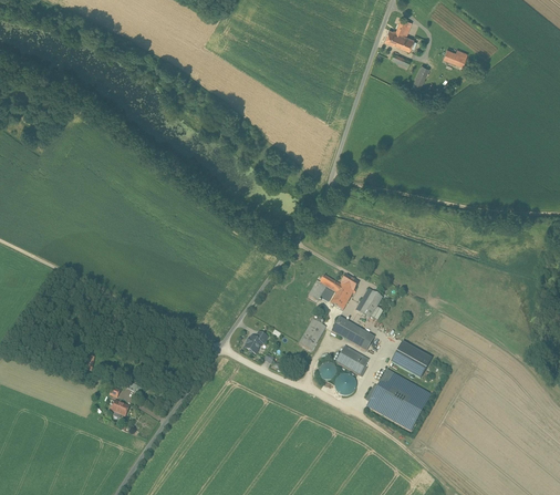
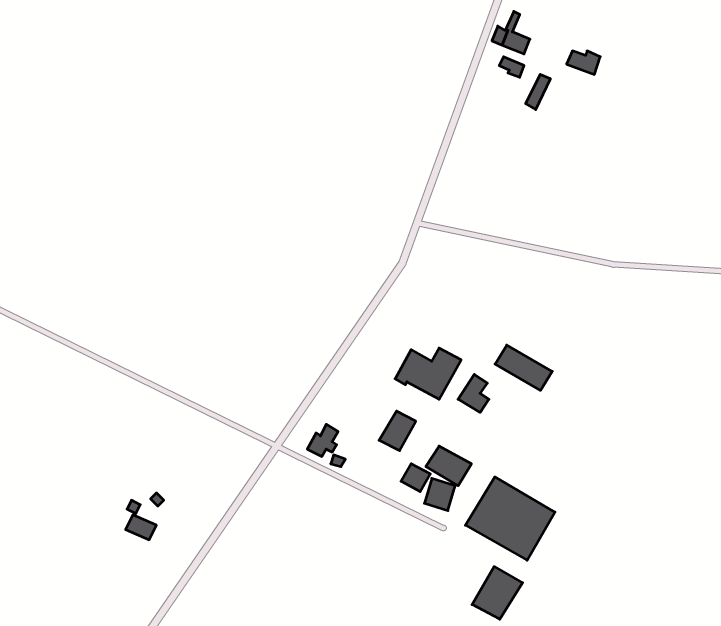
building: [330,316,373,350] -> [495,345,552,390]
building: [390,341,432,379] -> none
building: none -> [472,567,523,619]

